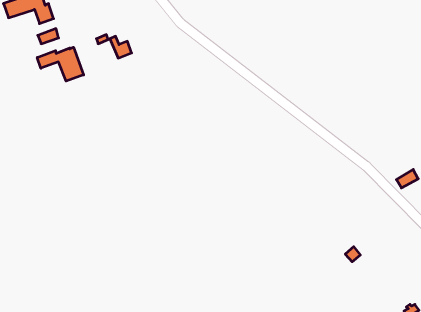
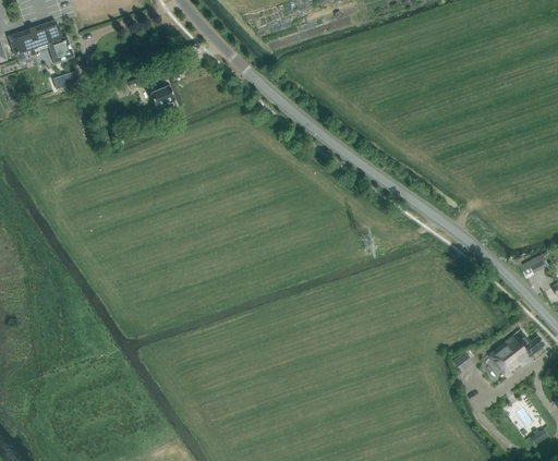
building: [37,47,84,81] -> none
building: none -> [486,330,542,379]

